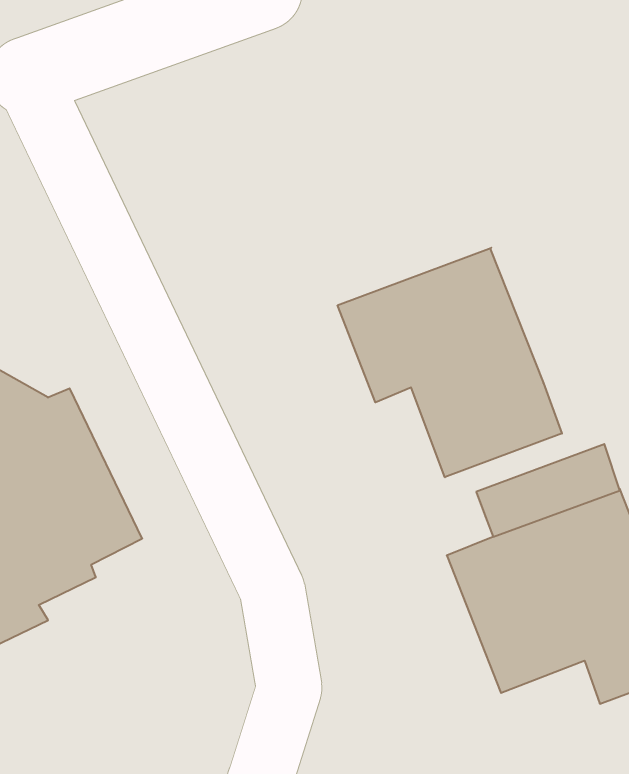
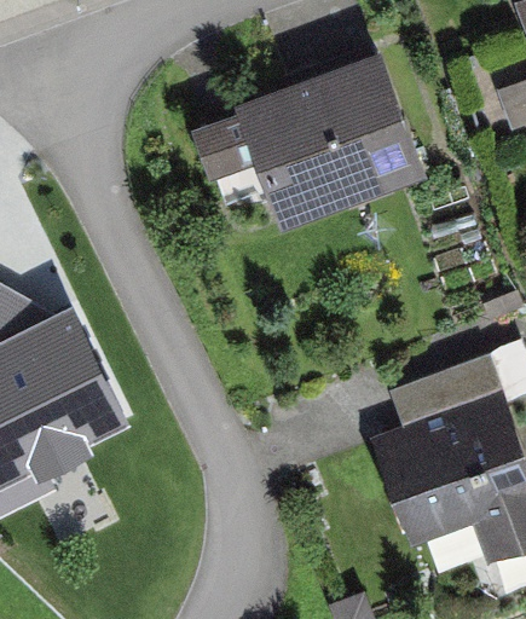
building: none -> [197,63,422,228]
building: [338,248,562,477] -> none

